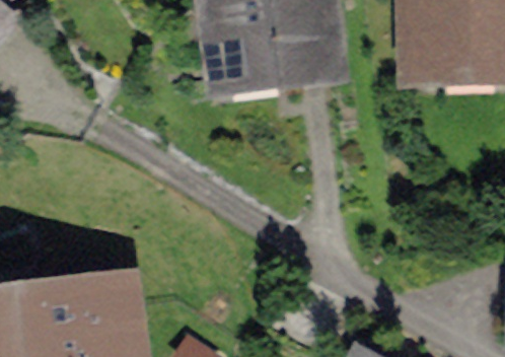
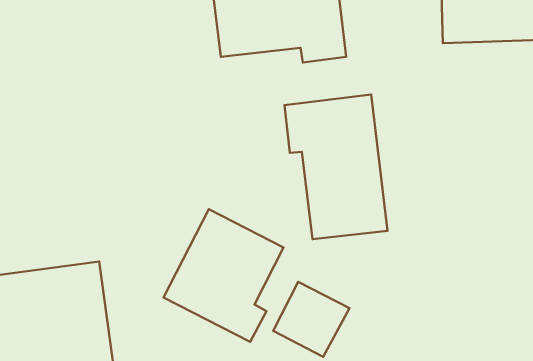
building: none -> [285,94,388,239]
building: none -> [164,209,283,342]

